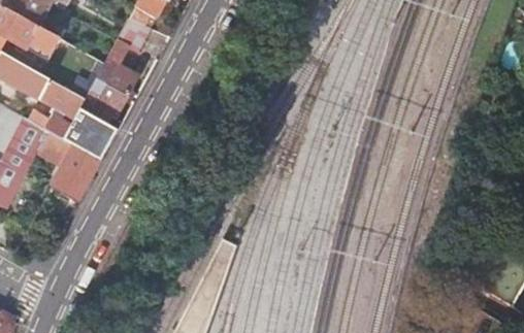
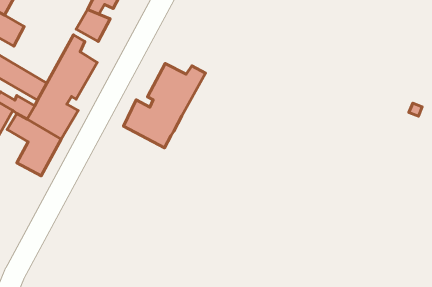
building: none -> [123,64,206,148]

